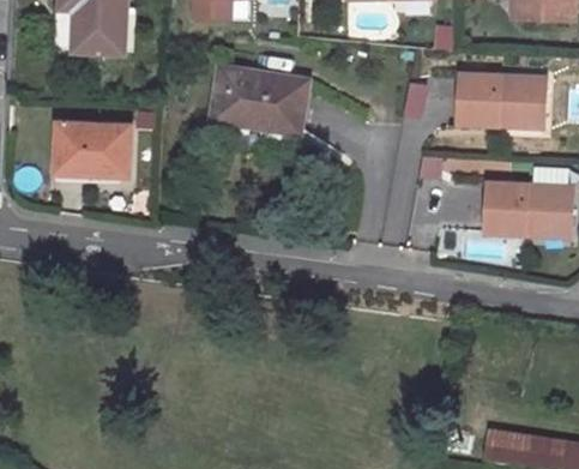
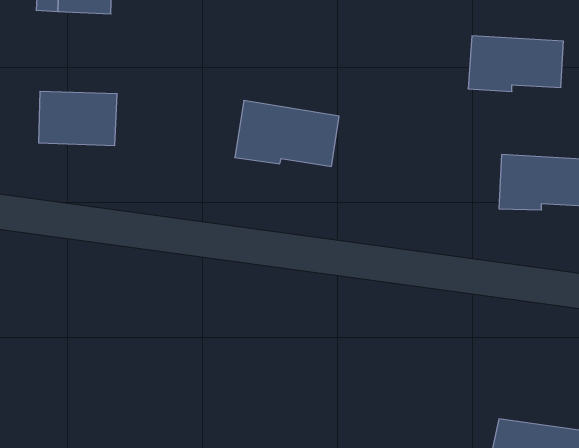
building: [211,67,308,128] -> [235,101,339,166]

